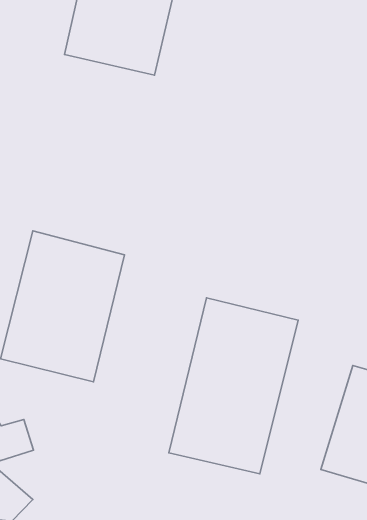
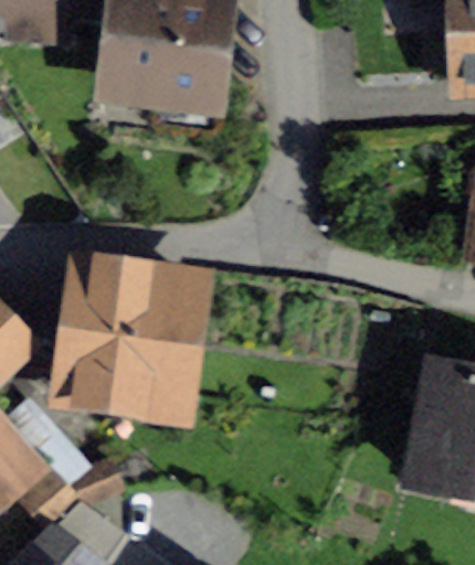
building: [169,298,298,474] -> none

